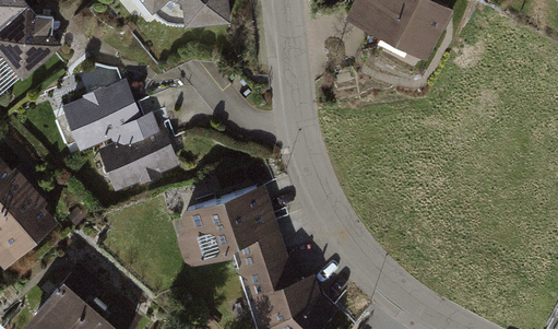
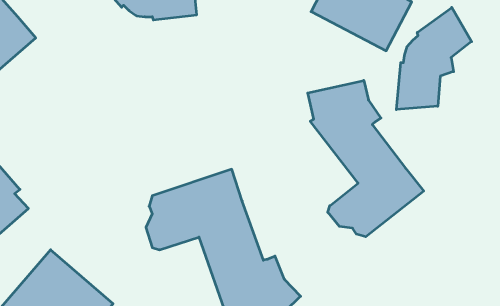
building: none -> [396,7,472,110]
building: [61,81,180,190] -> none
building: none -> [308,80,424,237]

